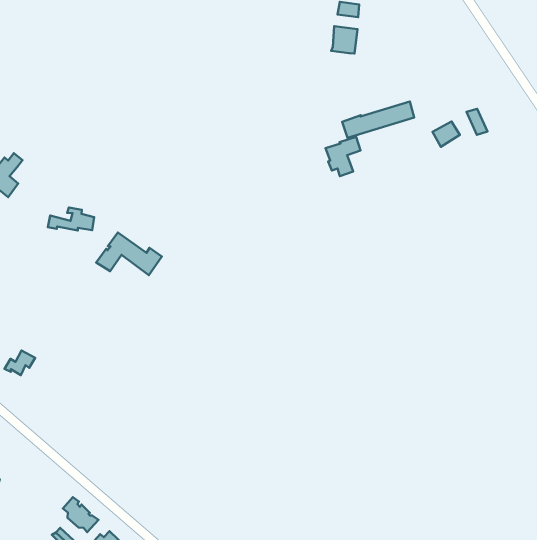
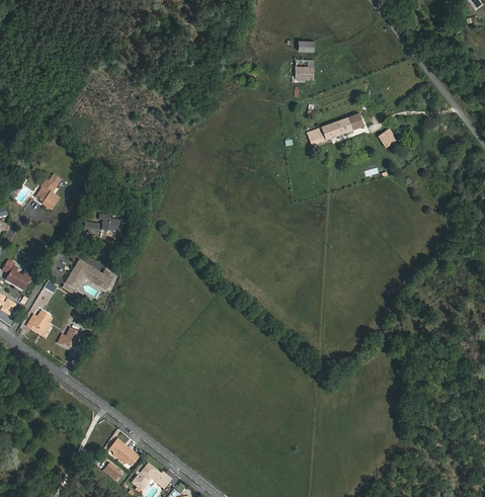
building: [326,137,360,176] -> none
building: [96,233,162,275] -> [65,258,115,289]

